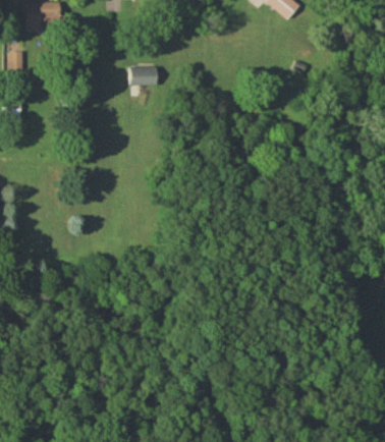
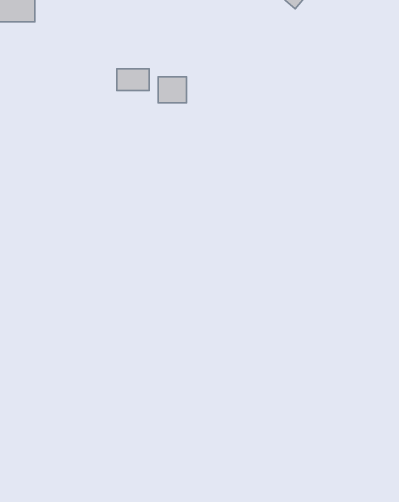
building: none -> [158,77,186,103]

